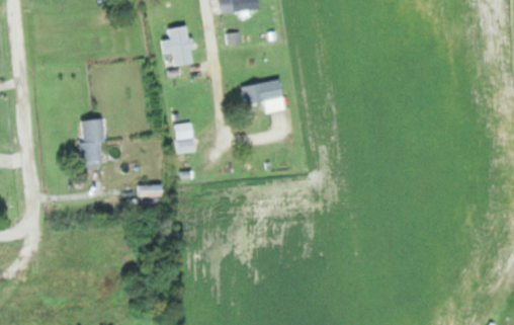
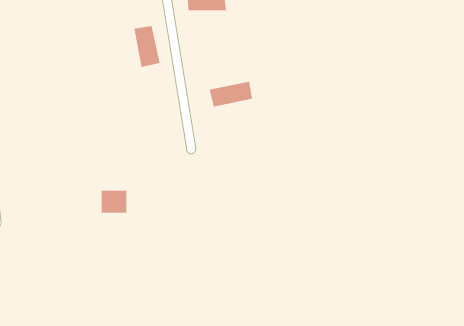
building: [80,118,102,168] -> none
building: [174,121,193,152] -> none

